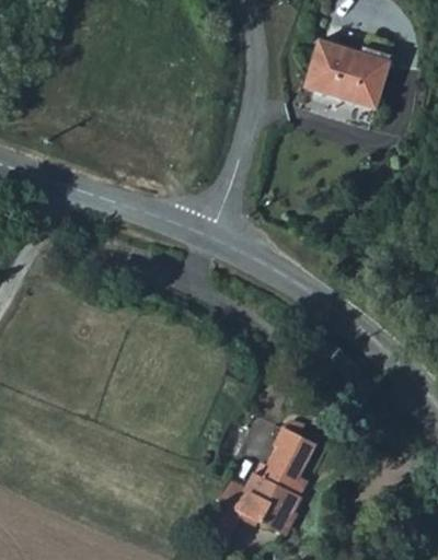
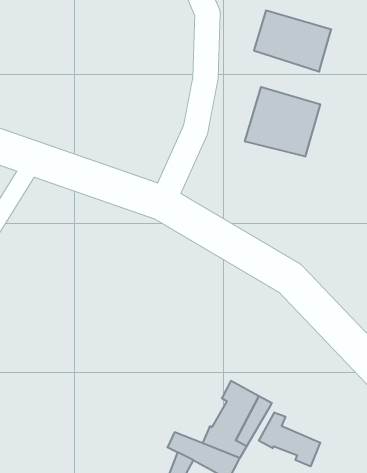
building: none -> [245,87,320,157]
building: none -> [259,412,320,466]

